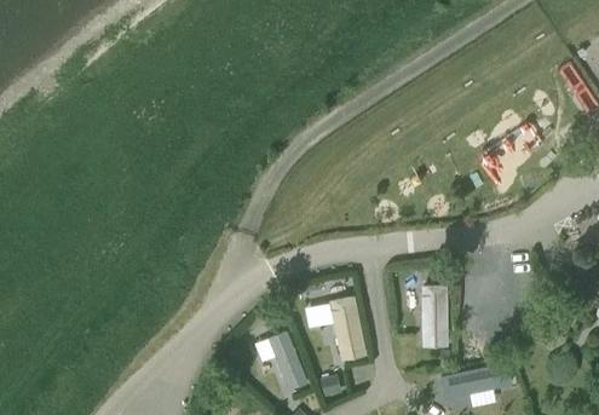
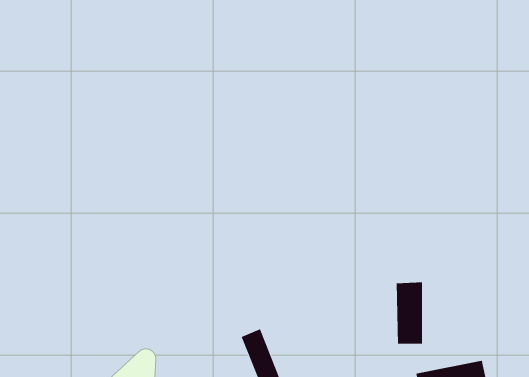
building: [328,295,365,361] -> none

